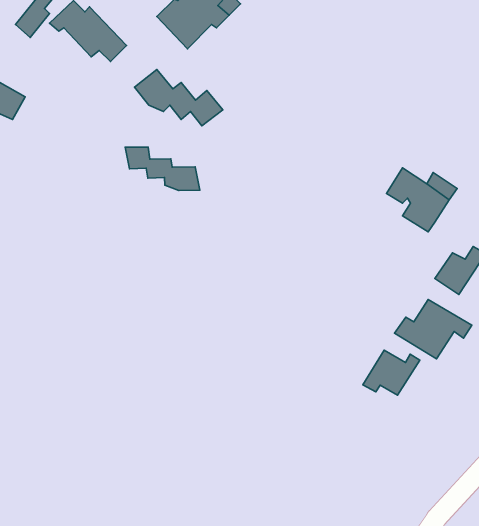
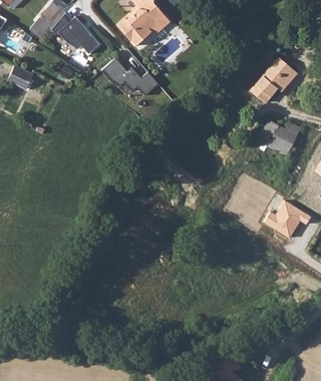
building: none -> [249,57,295,102]
building: [125,147,200,191] -> none
building: [363,350,420,395] -> none

